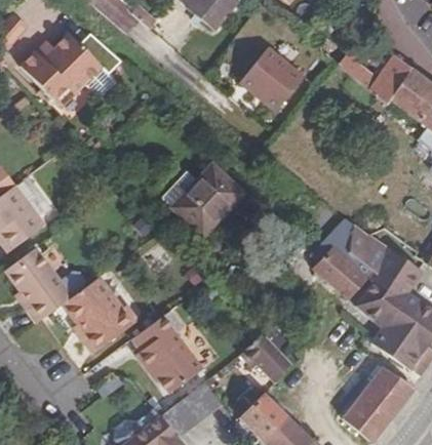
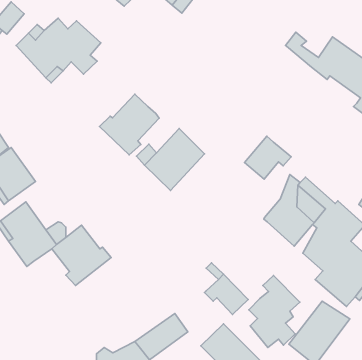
building: [242,50,305,112] -> none
building: none -> [100,94,159,155]
building: none -> [244,136,291,179]
building: [131,312,201,394] -> none
building: none -> [249,275,300,347]

